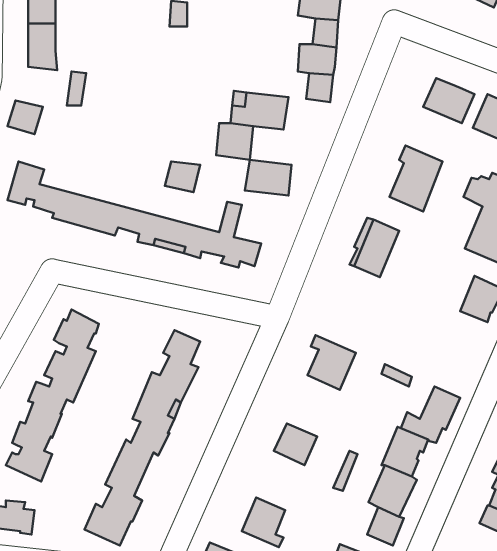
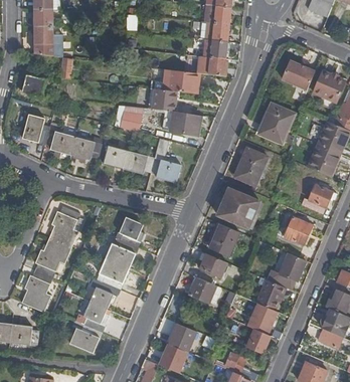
building: none -> [216,188,257,228]
building: none -> [284,216,312,245]
building: none -> [199,253,226,277]

